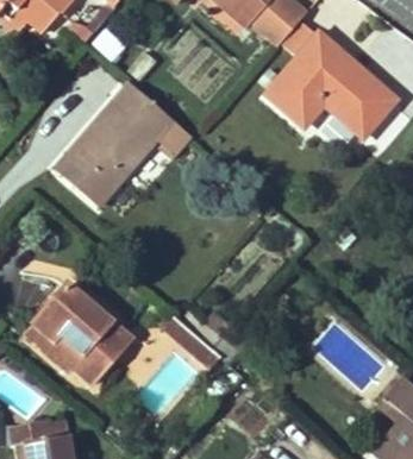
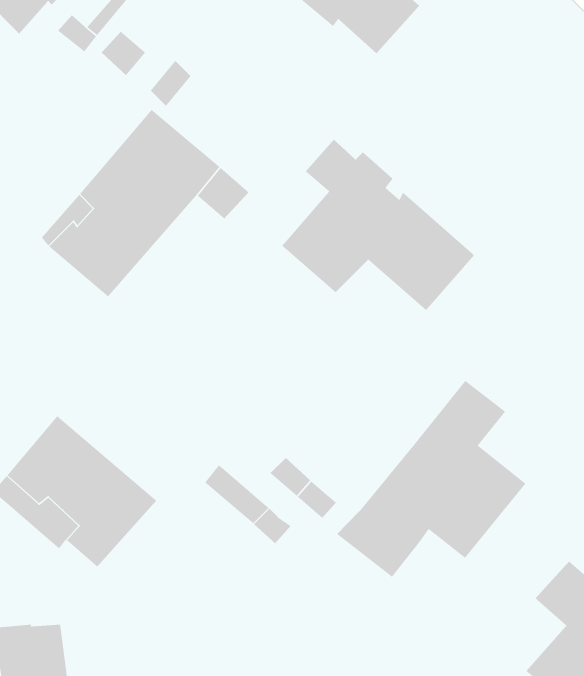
building: [269,24,396,137] -> [281,139,475,311]
building: none -> [336,380,526,578]

